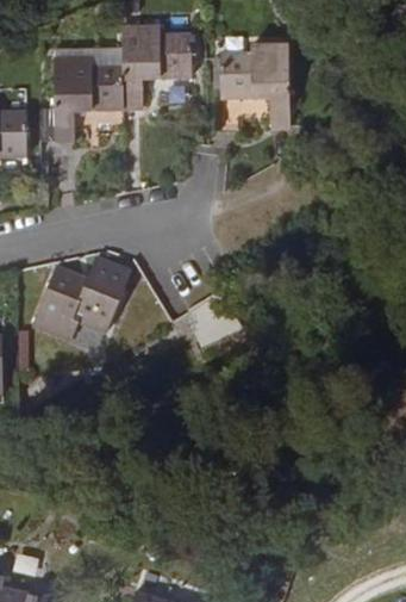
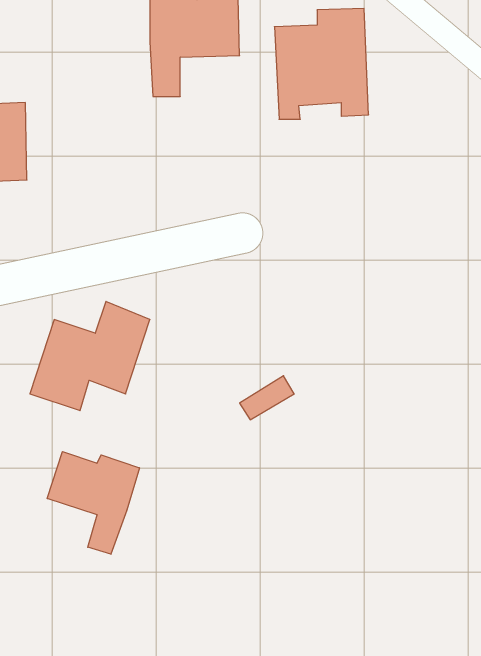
building: [39,50,126,136] -> none
building: none -> [47,452,139,554]

